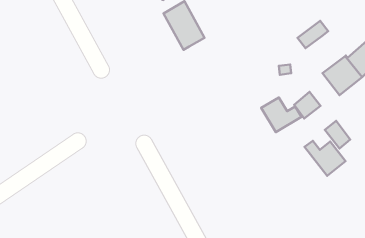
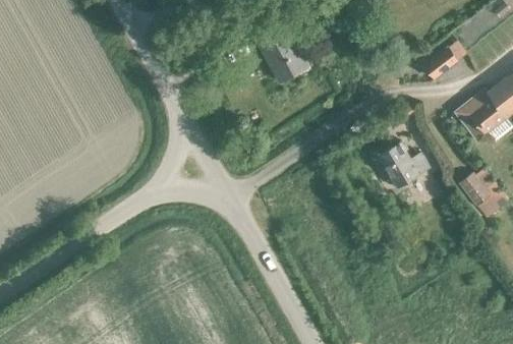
building: [294,92,320,119] -> none
building: [304,141,346,176] -> none

